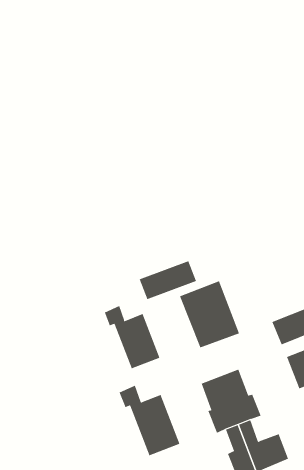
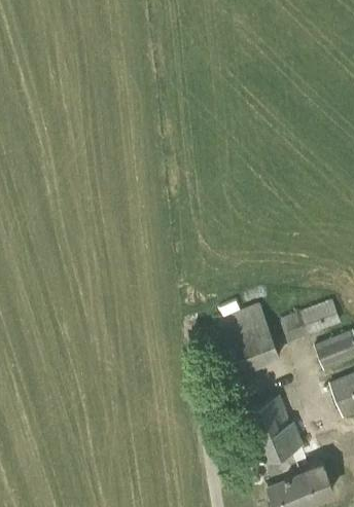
building: [139,261,197,300] -> [279,300,340,341]
building: [104,305,160,369] -> none
building: [119,385,180,456] -> none

